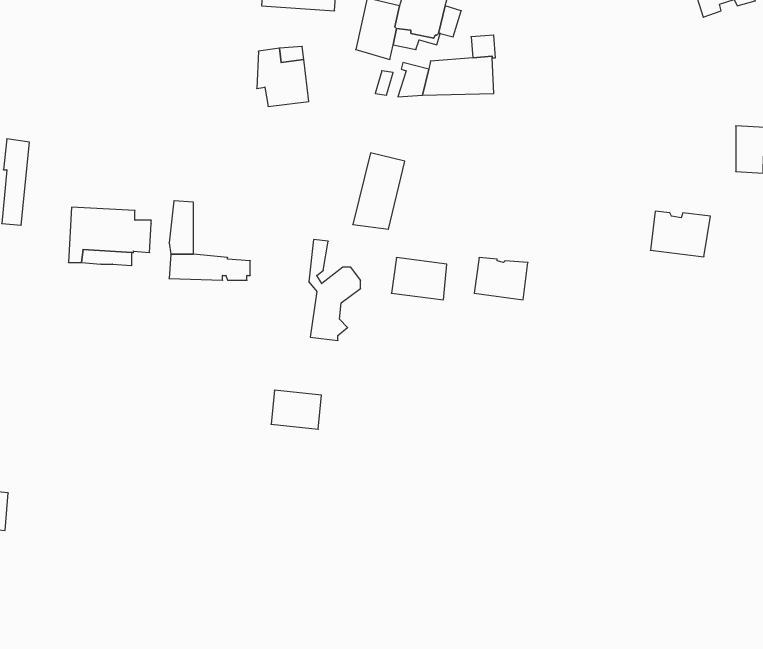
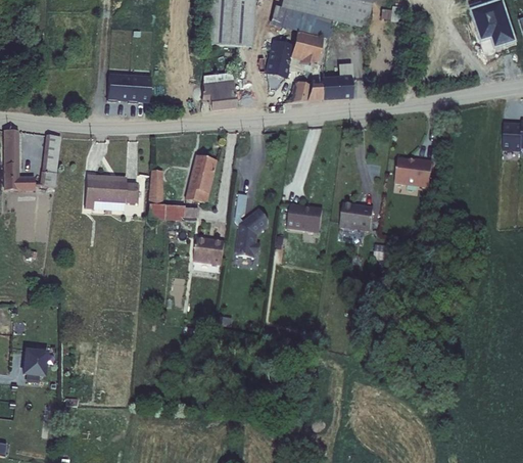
building: none -> [108,73,151,102]
building: [353,153,405,229] -> [185,152,218,200]
building: [650,211,710,257] -> [394,157,432,186]
building: [271,390,321,429] -> [193,238,225,263]

